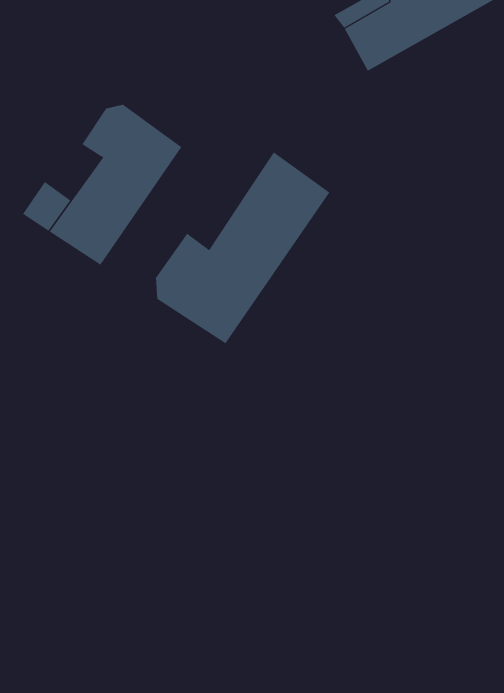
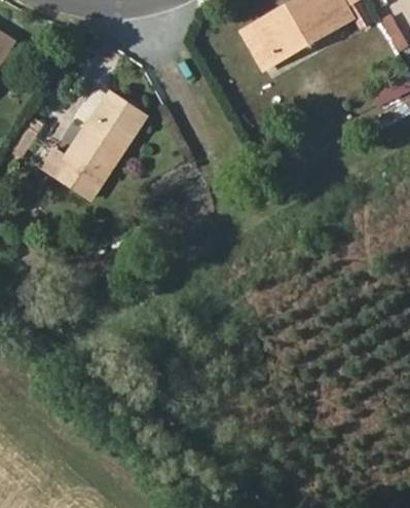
building: [156,152,330,344] -> none

